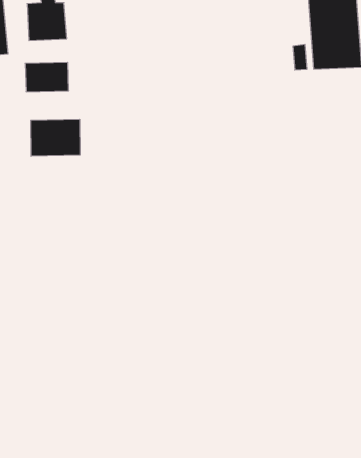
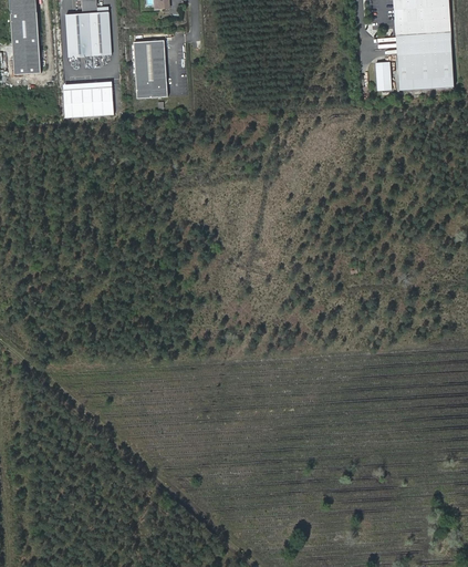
building: none -> [128,38,163,95]
building: [31,119,80,156] -> none

